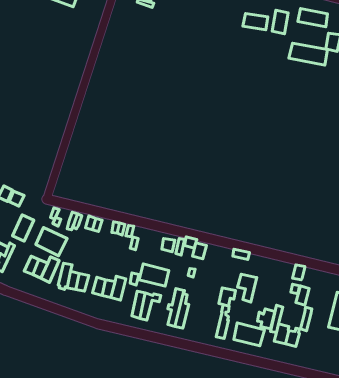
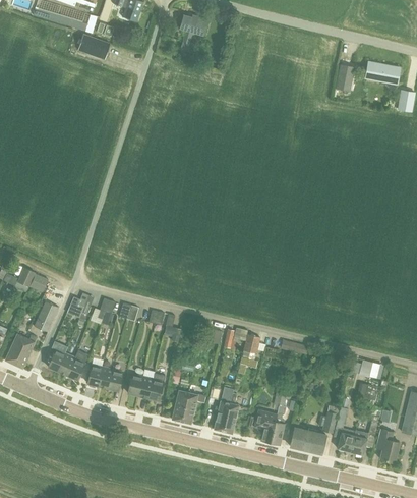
building: [243,13,268,30] -> none
building: [289,43,328,65] -> none
building: [36,228,67,256] -> none
building: [139,264,169,286] -> none
building: [238,274,257,302] -> [254,410,277,443]
building: none -> [377,430,399,461]

